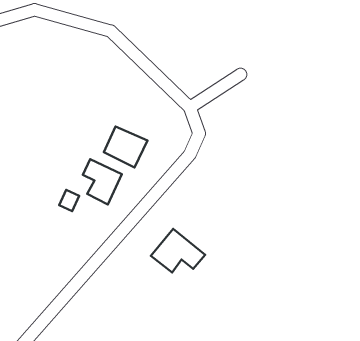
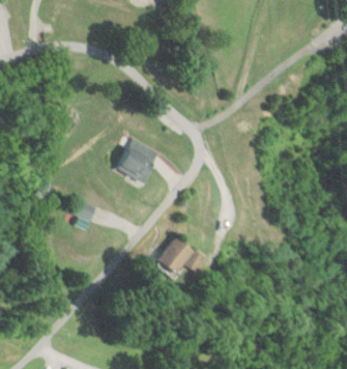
building: [83,159,122,204] -> none

